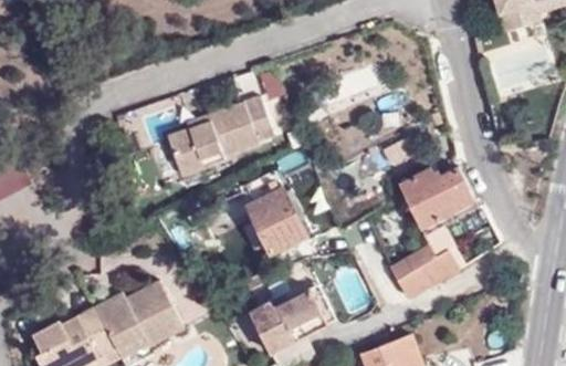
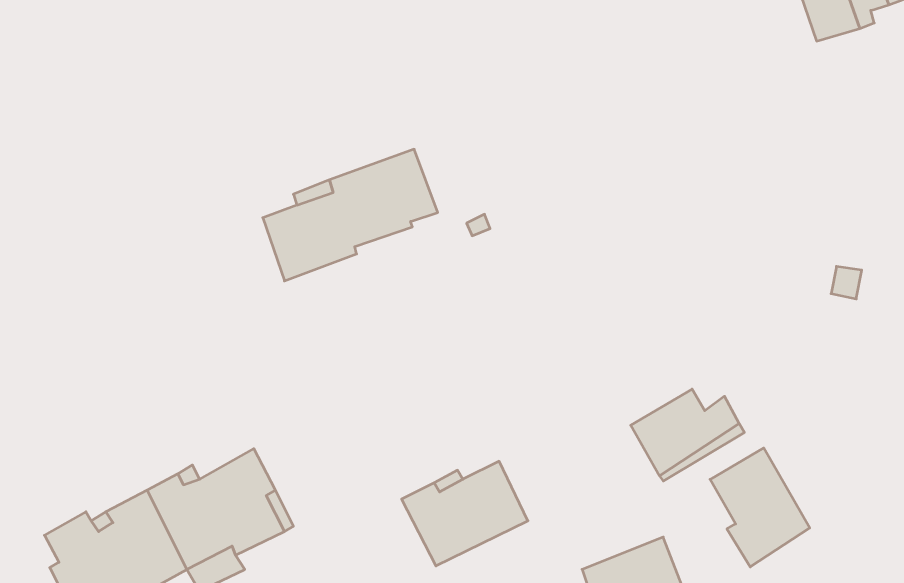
building: [397,166,473,228] -> none
building: [240,174,304,252] -> none
building: none -> [710,448,810,567]

